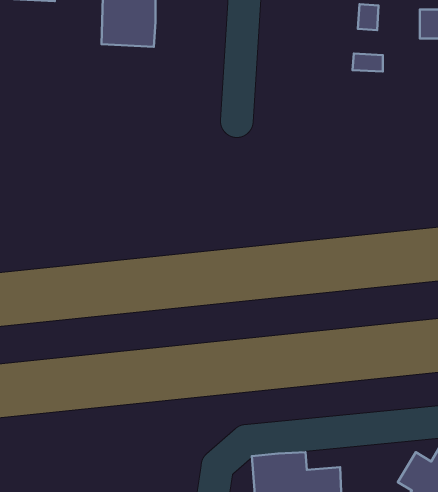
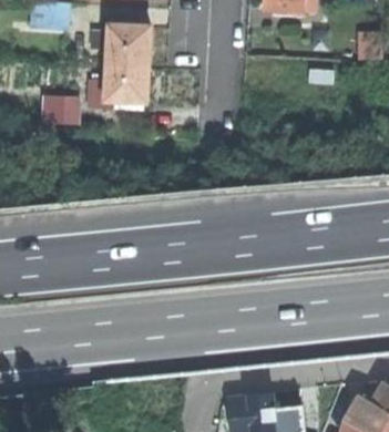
building: none -> [104,64,149,105]
building: none -> [41,97,81,127]

